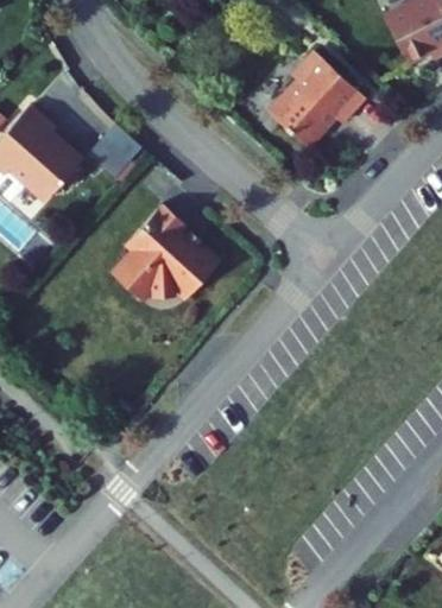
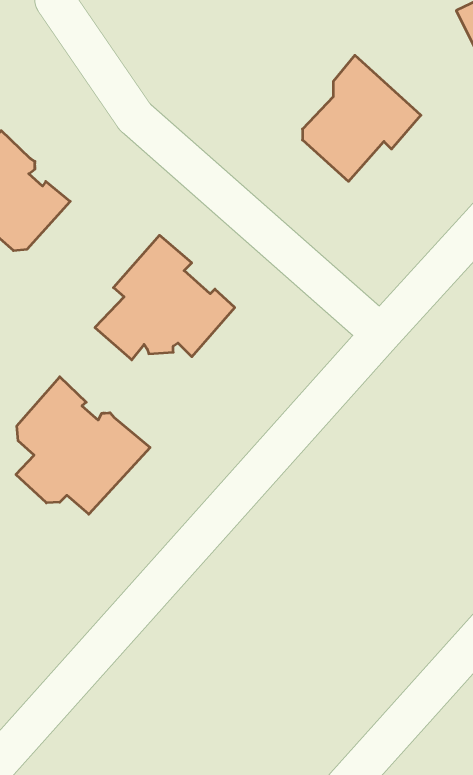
building: none -> [16,377,150,514]

